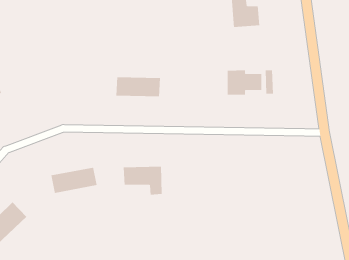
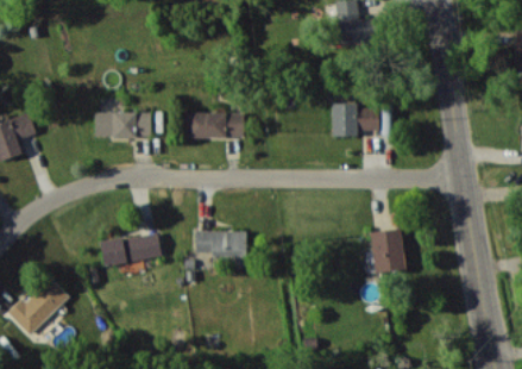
building: none -> [94,111,151,137]
building: none -> [369,227,405,275]

